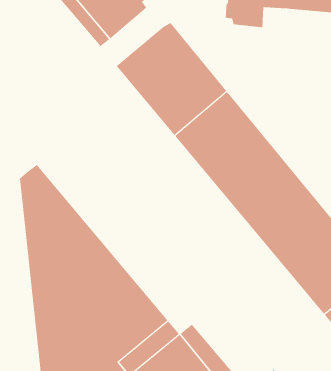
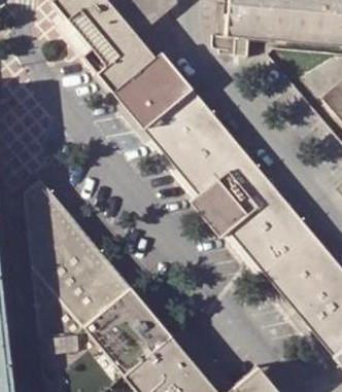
building: none -> [98,37,156,91]

